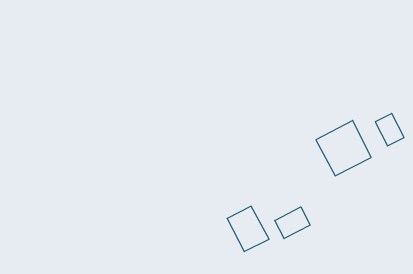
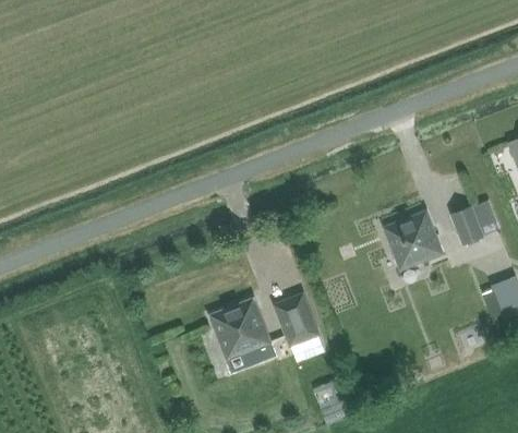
building: [275,207,310,239] -> none
building: none -> [210,300,270,360]

